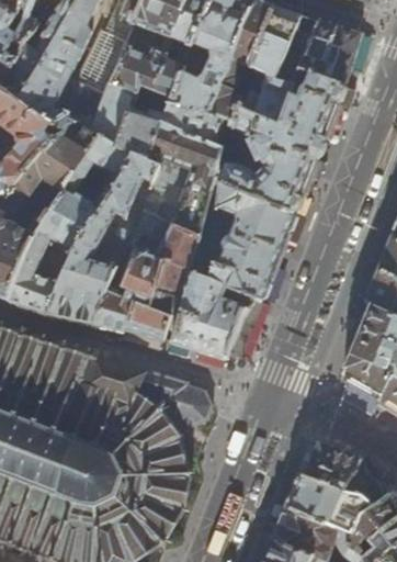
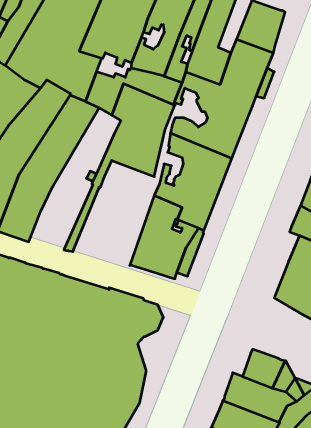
building: [47,153,159,325] -> none
building: [101,216,200,341] -> none

